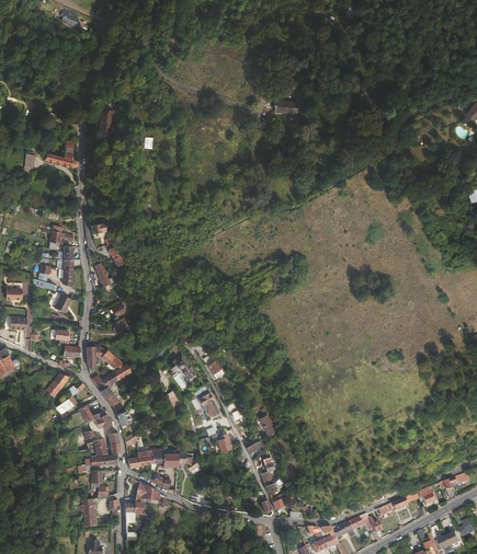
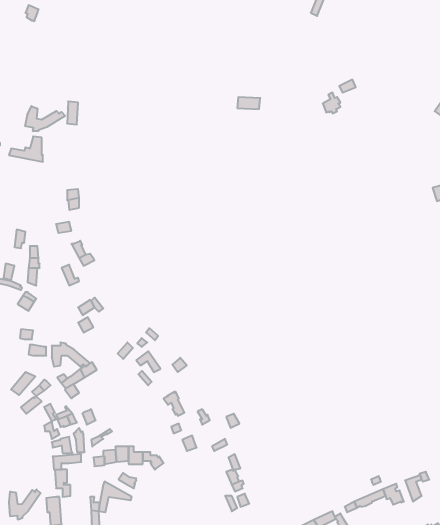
building: none -> [25,106,65,131]
building: none -> [9,489,41,520]

